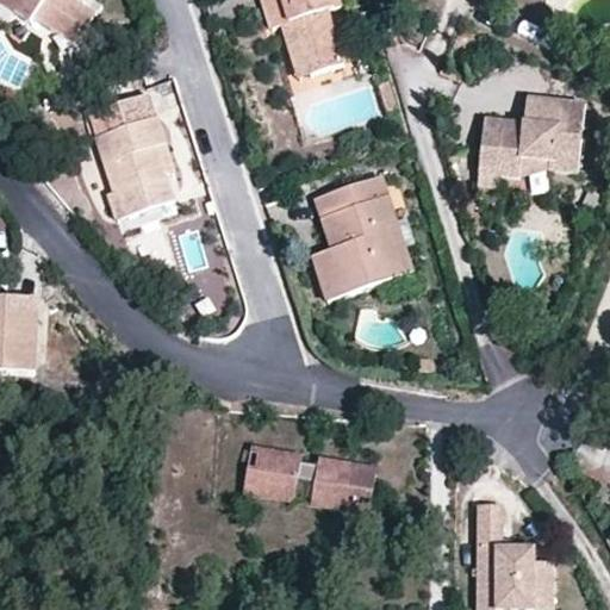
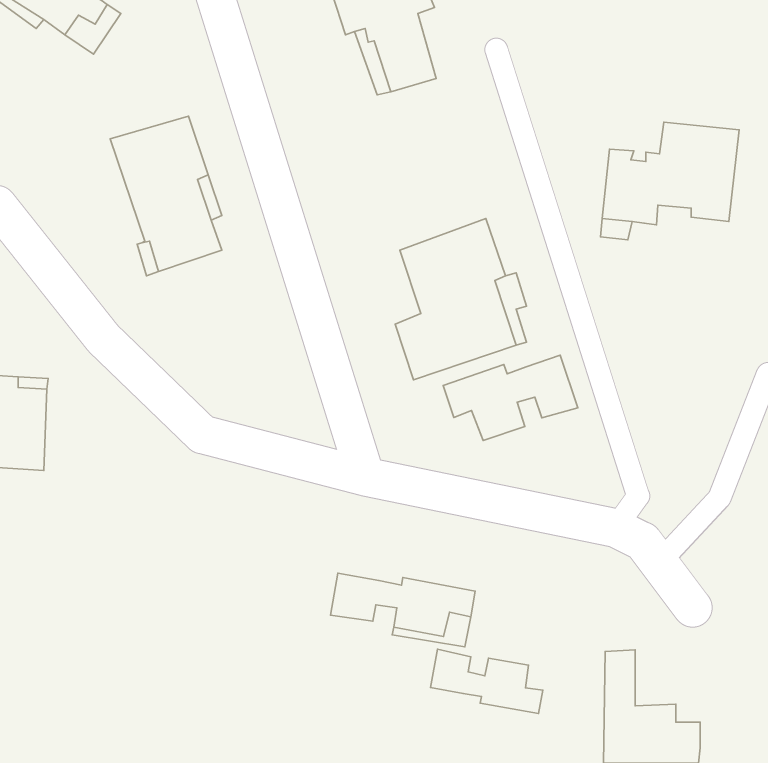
building: none -> [443,355,578,441]
building: [243,444,300,497] -> none
building: none -> [430,649,543,713]

